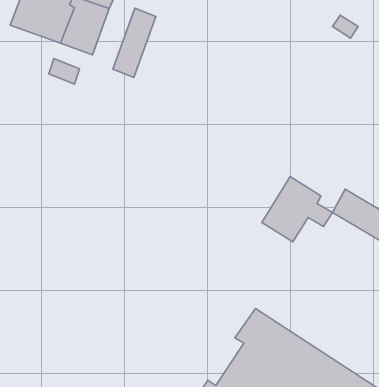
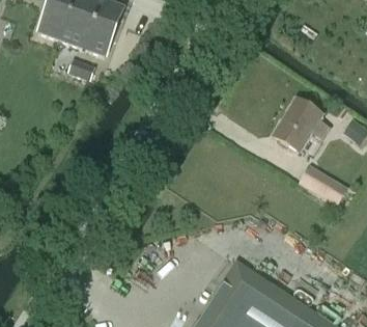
building: [113,8,156,78] -> none
building: [262,176,332,242] -> [273,98,330,151]

